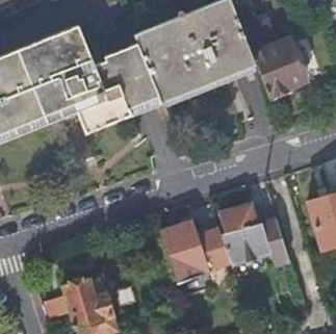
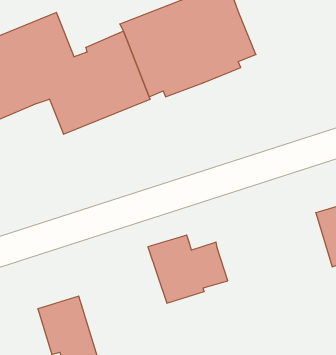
building: [240,20,306,101] -> none
building: [218,204,289,266] -> none

